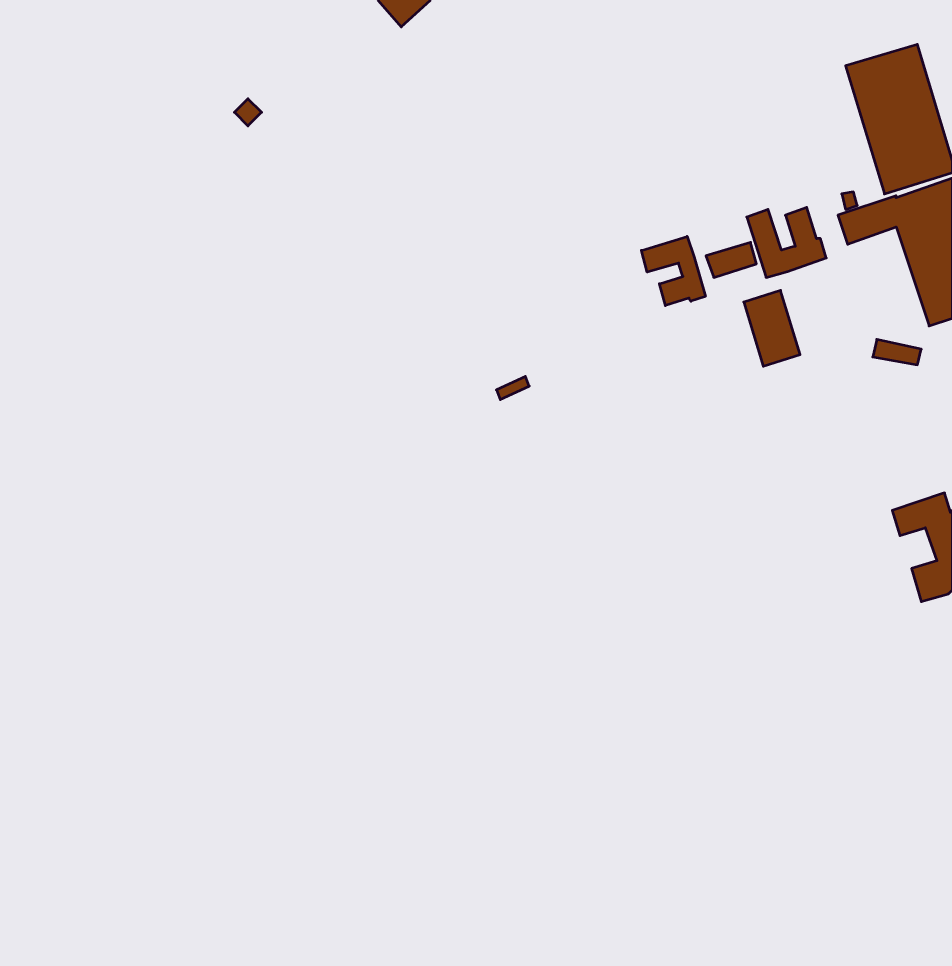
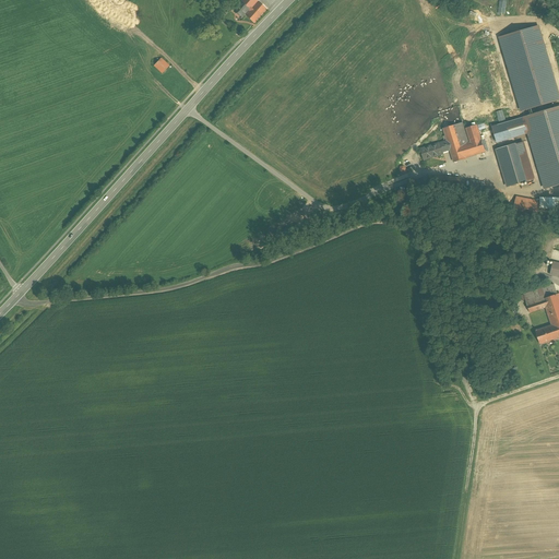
building: [641,236,705,306] -> none
building: [744,290,800,366] -> [497,143,528,186]

